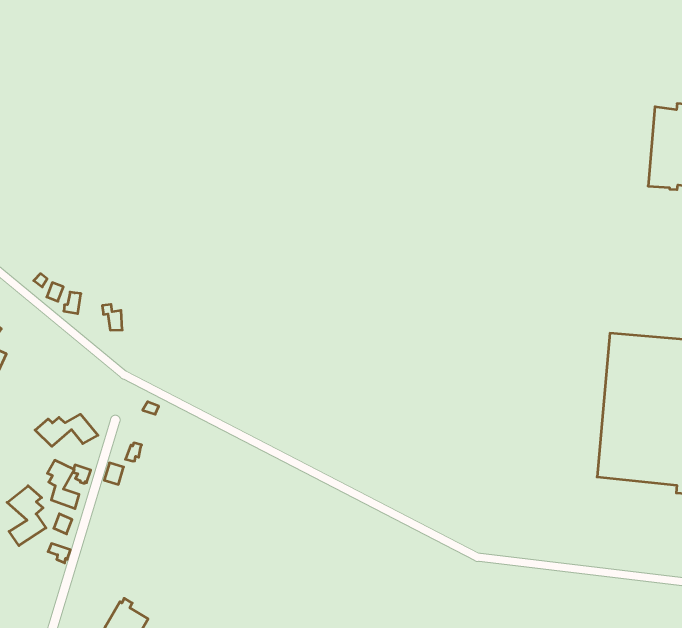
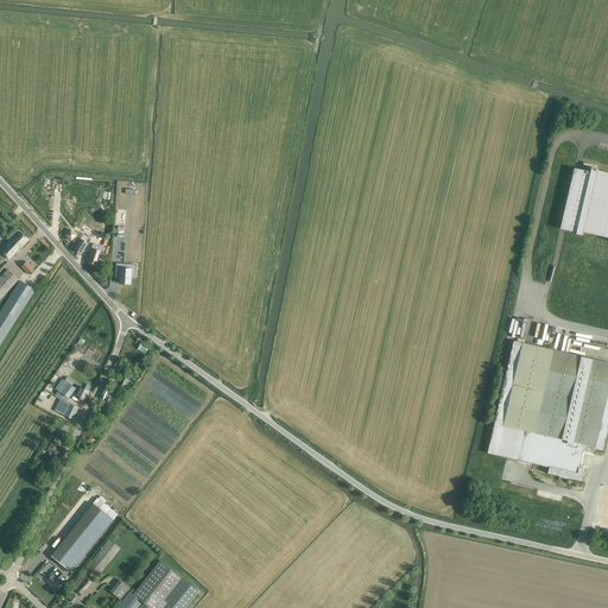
building: [35,414,98,446] -> none
building: [7,486,46,546] -> none

